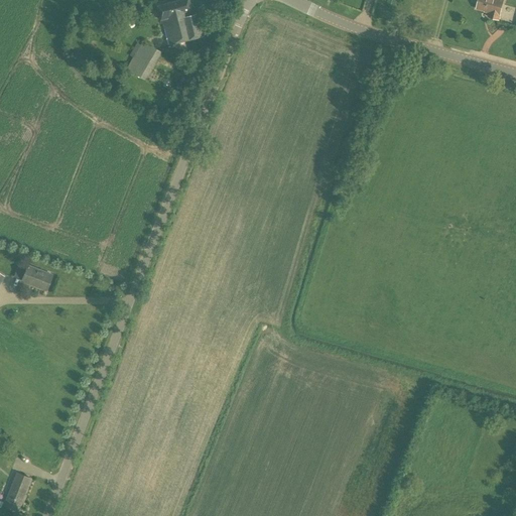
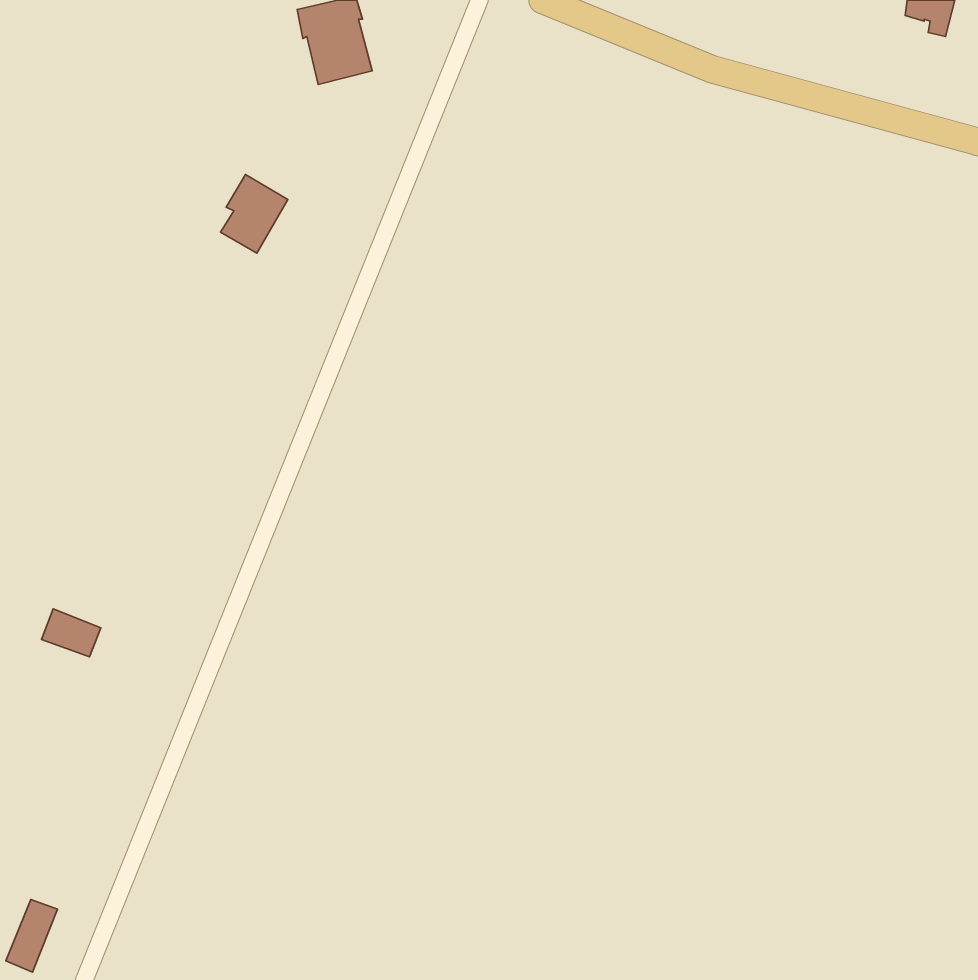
building: [125,38,160,80] -> [221,175,288,253]
building: [20,265,51,290] -> [42,609,101,657]

